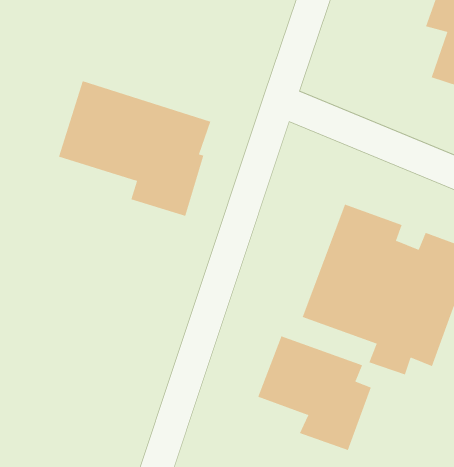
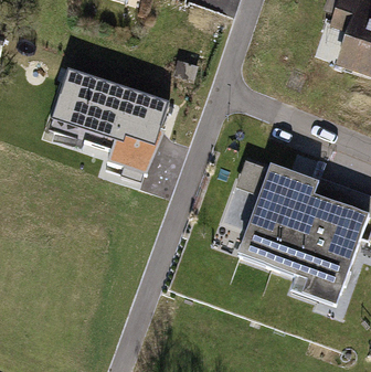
building: [257,335,371,451] -> none

